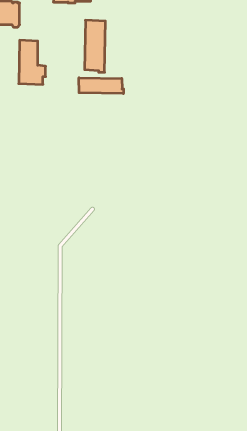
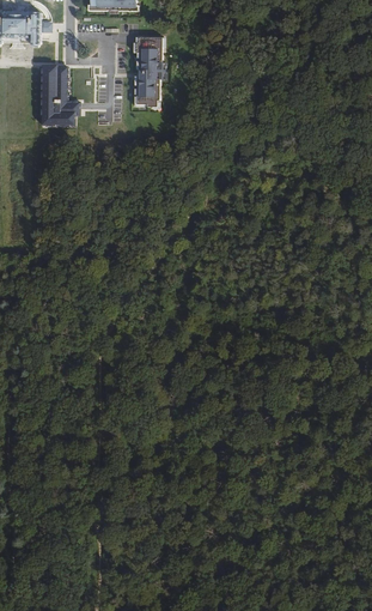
building: [79,78,124,94] -> none

